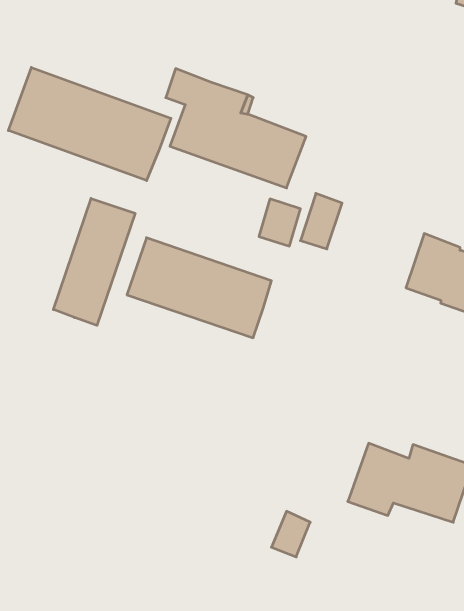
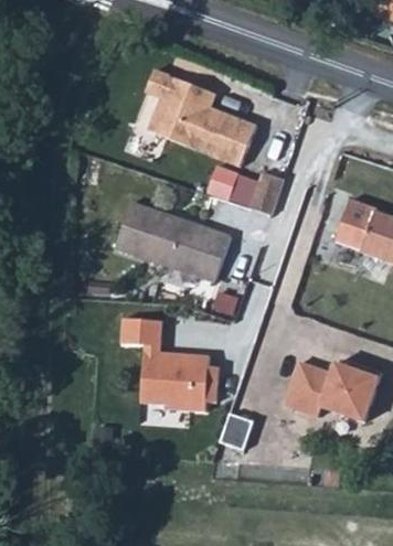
building: [8,67,171,181] -> none
building: [53,198,135,325] -> none
building: none -> [121,315,219,407]

